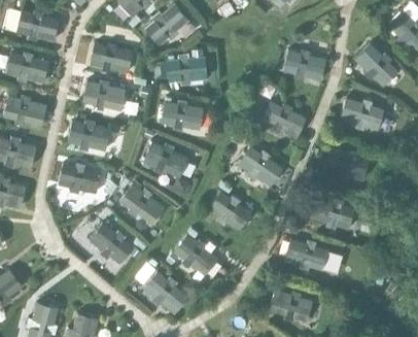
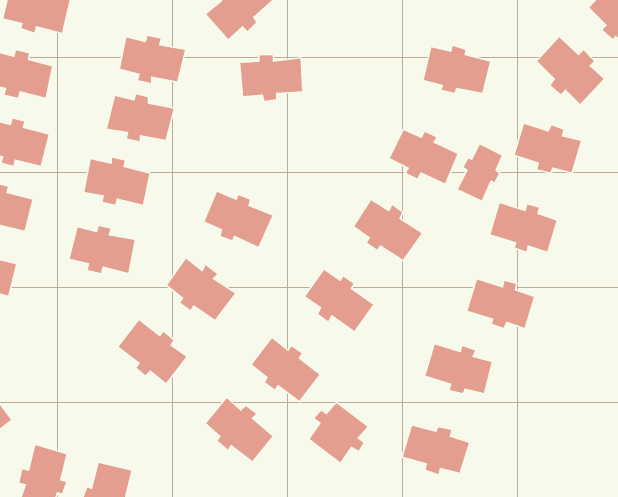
building: [162,100,204,130] -> none
building: none -> [457,144,503,201]
building: none -> [309,402,368,464]

